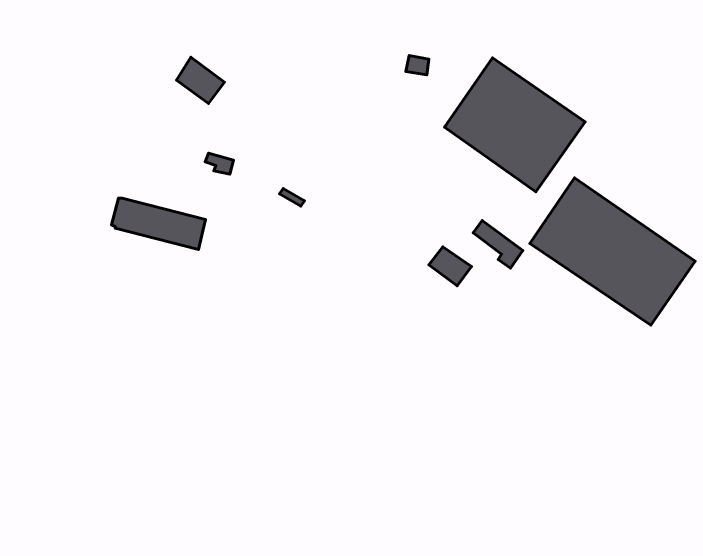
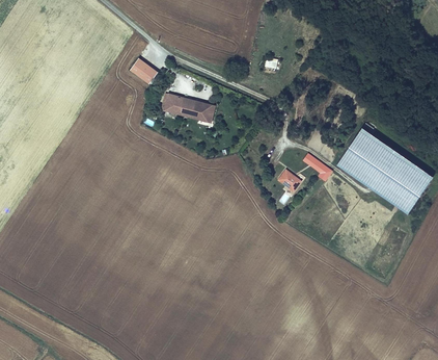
building: [445,58,585,192] -> none
building: [112,198,206,250] -> [161,93,216,123]

